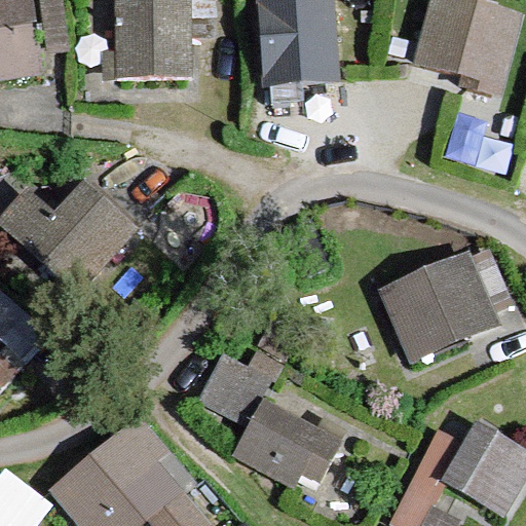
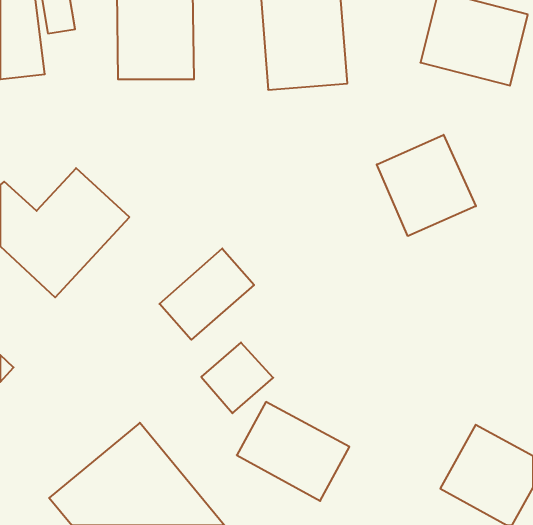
building: none -> [377,135,476,236]
building: none -> [159,248,254,340]
building: [378,251,499,362] -> none

